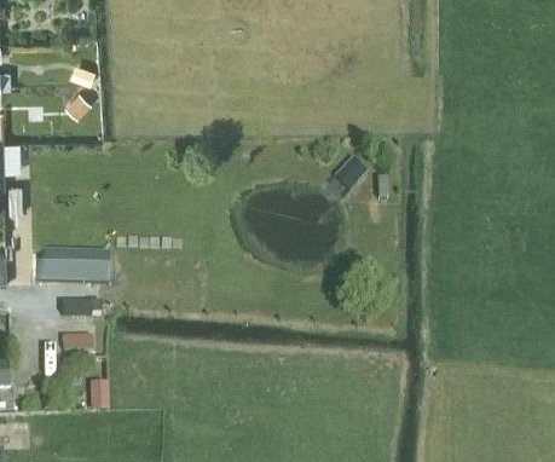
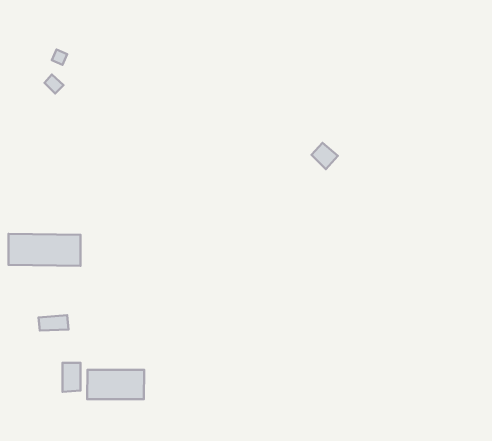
building: none -> [87,370,144,399]

